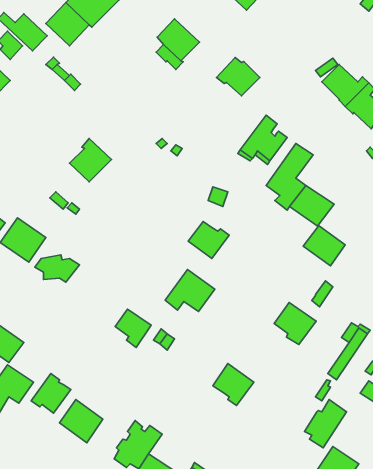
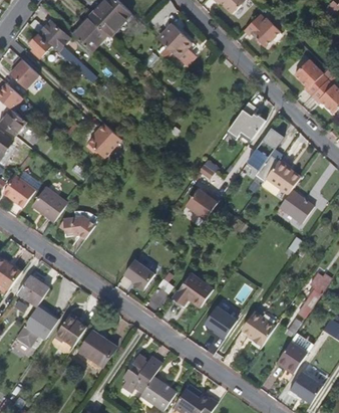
building: [217,58,260,96] -> [244,18,279,49]
building: [165,269,215,311] -> [173,271,213,305]
building: [274,302,316,345] -> [244,309,278,344]

